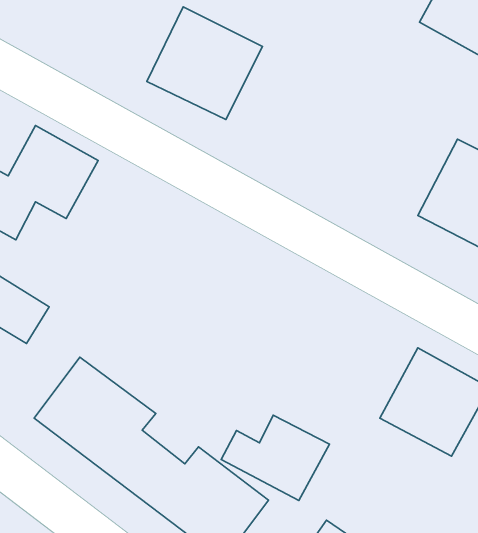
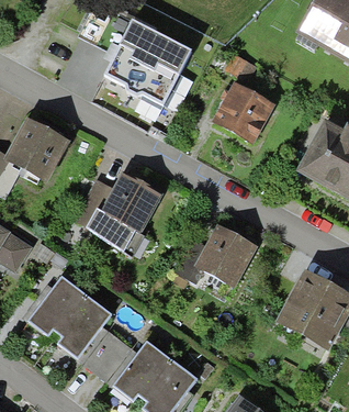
building: none -> [216,54,281,147]
building: none -> [78,169,162,259]
building: [221,415,329,501] -> [179,224,257,286]

